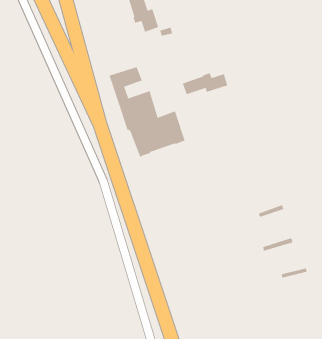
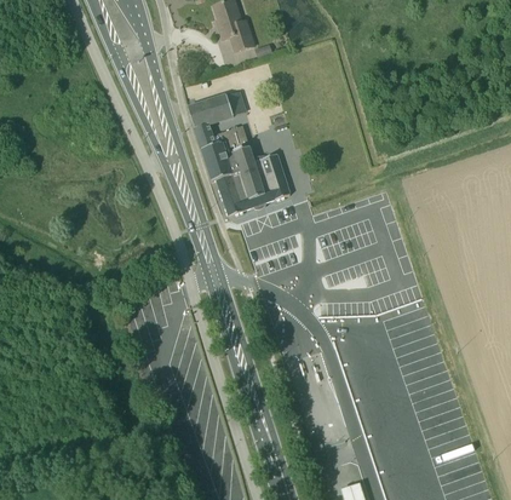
building: [182,72,228,95] -> none

